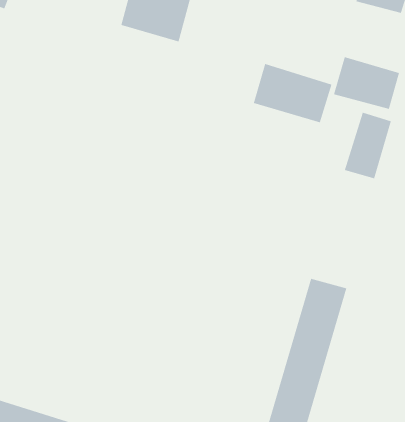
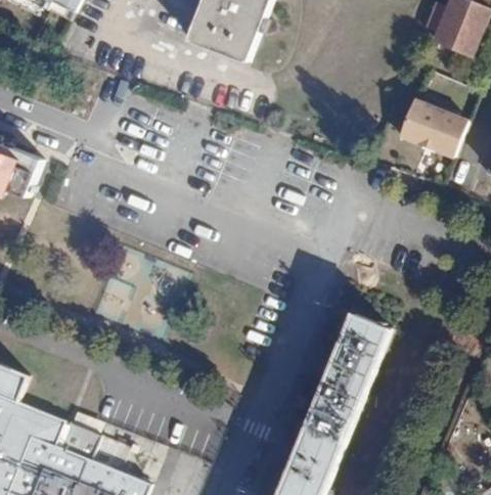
building: [253,63,332,123] -> none
building: [344,112,391,179] -> none

